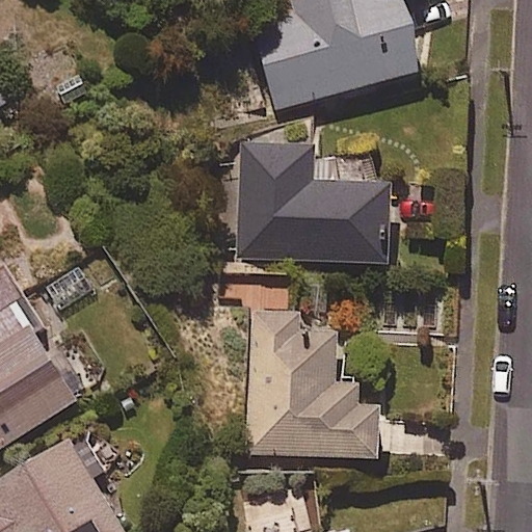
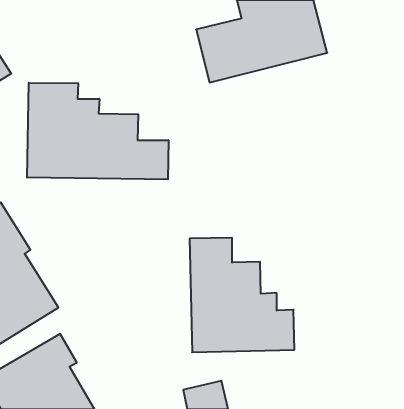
building: none -> [27,83,168,179]
building: [235,141,391,262] -> none

